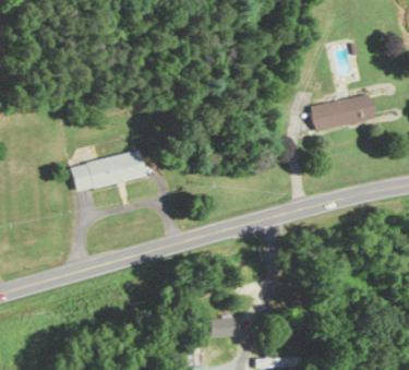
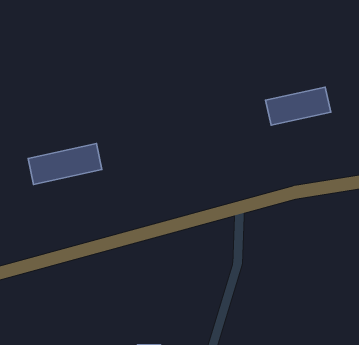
building: [212,319,241,335] -> none

